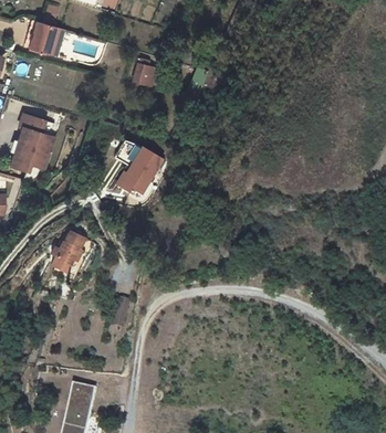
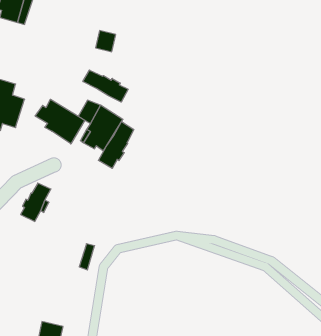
building: none -> [83,70,128,102]
building: none -> [35,99,85,144]
building: none -> [98,122,134,168]

